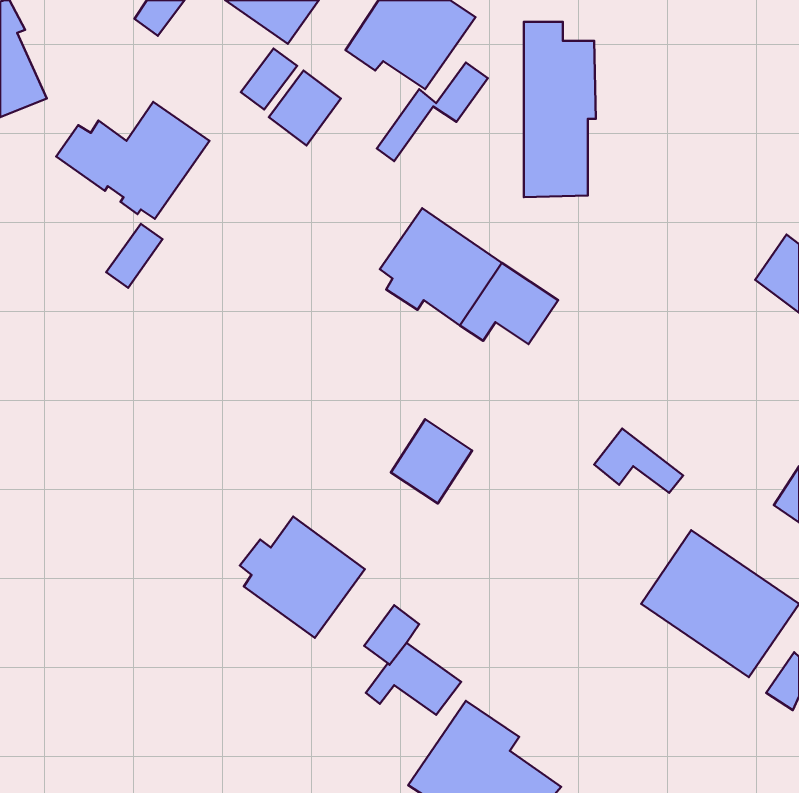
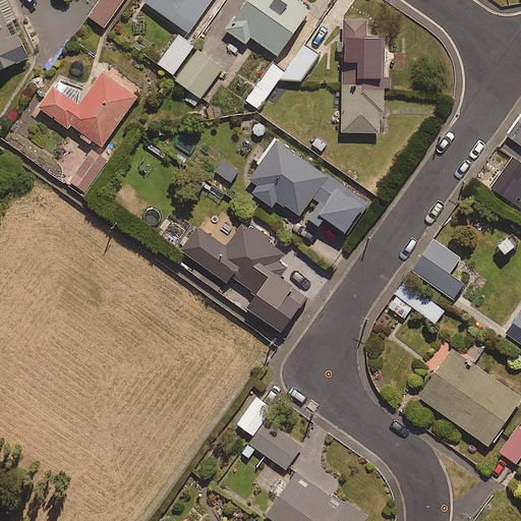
building: none -> [179,221,286,294]
building: none -> [408,238,464,300]
building: [240,516,365,638] -> none

